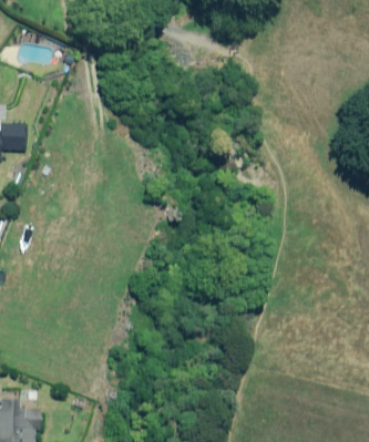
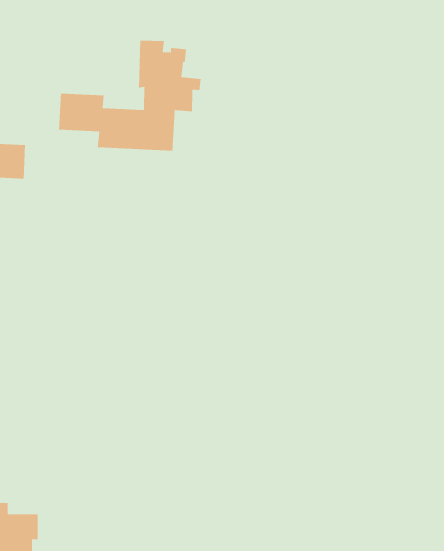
building: none -> [58,40,201,151]

